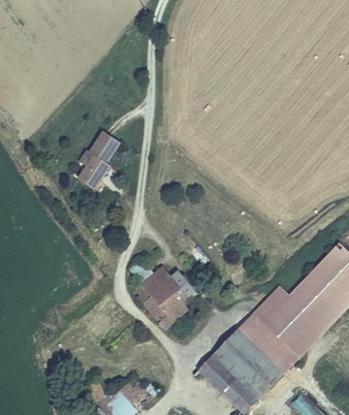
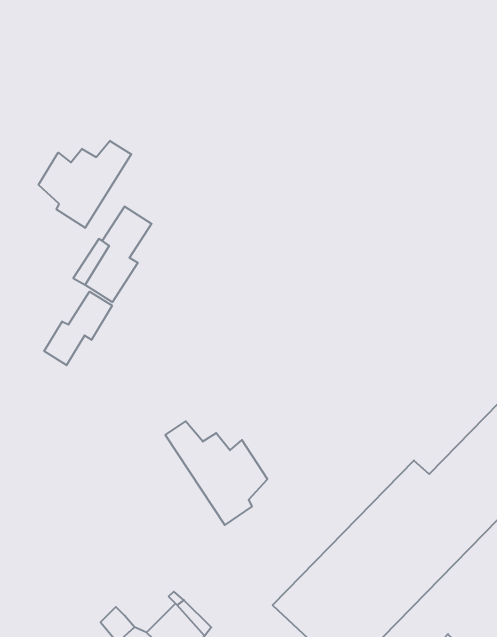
building: none -> [39,141,131,228]
building: none -> [44,292,112,365]

